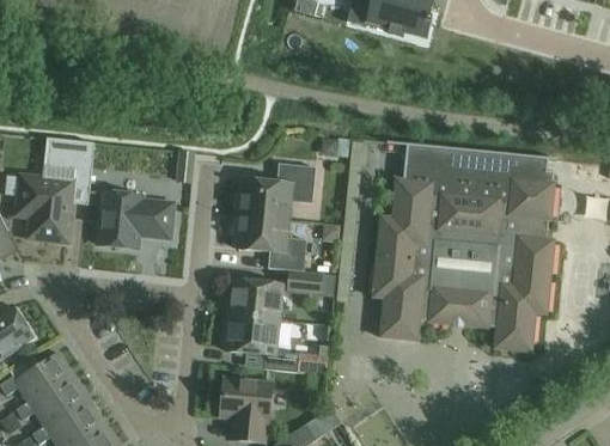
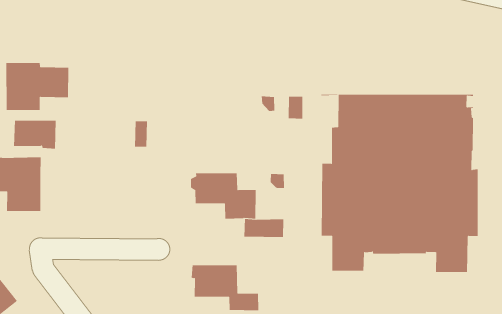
building: [236,163,315,219] -> none
building: [98,191,172,248] -> [6,62,69,110]
building: [227,279,281,319] -> none

